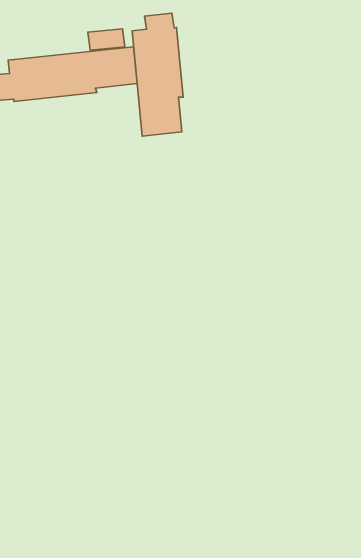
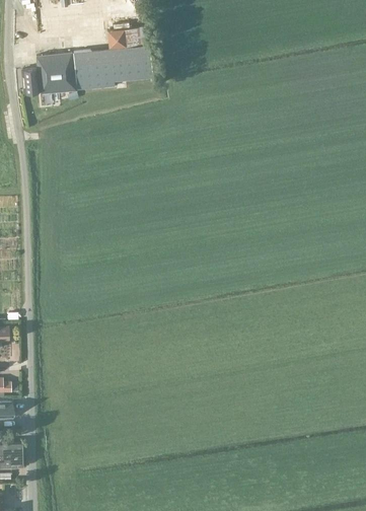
building: [132,13,183,136] -> none

